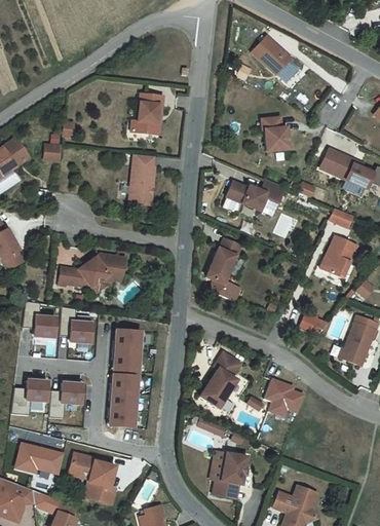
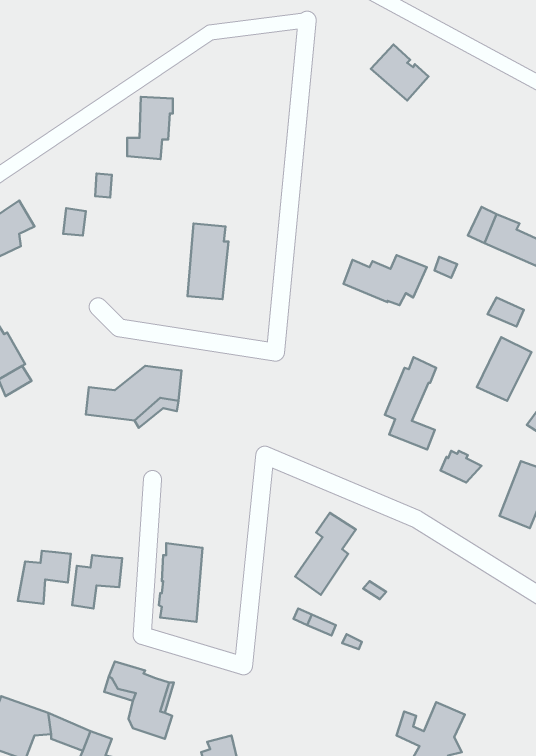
building: [129,96,160,138] -> [127,97,173,159]
building: [258,114,286,148] -> none
building: [210,235,244,298] -> [385,357,436,450]
building: [28,300,59,336] -> none
building: [63,306,93,342] -> none
building: [114,330,142,372] -> none
building: [263,380,301,416] -> none
building: [16,442,65,474] -> none
building: [212,448,248,493] -> none

